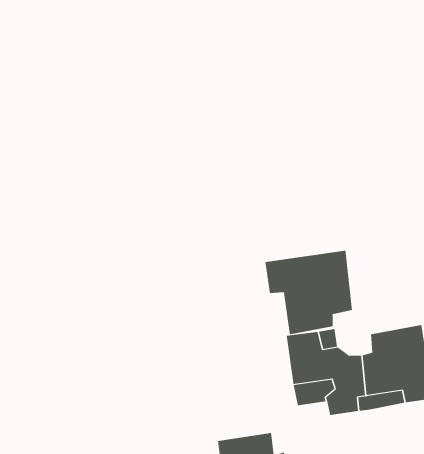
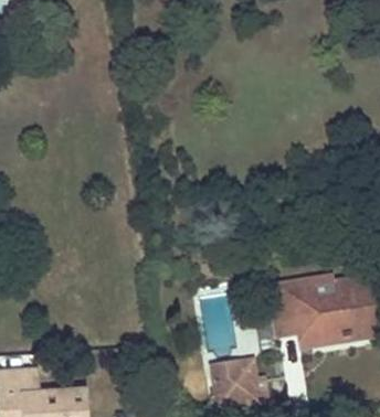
building: [265,250,352,335] -> none

